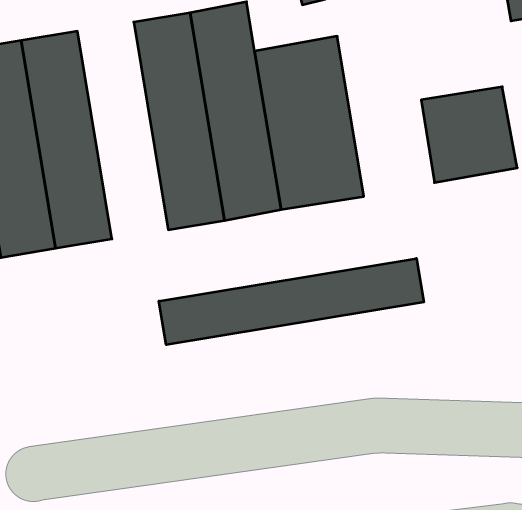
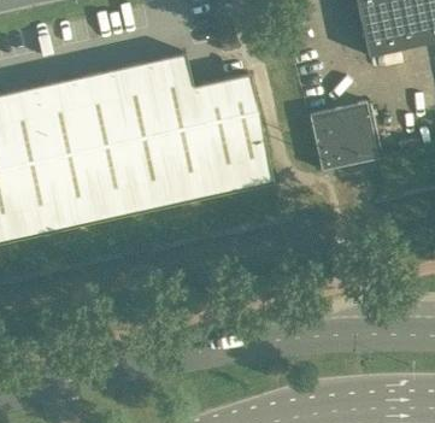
building: none -> [70,70,140,221]
building: [159,258,424,345] -> none

